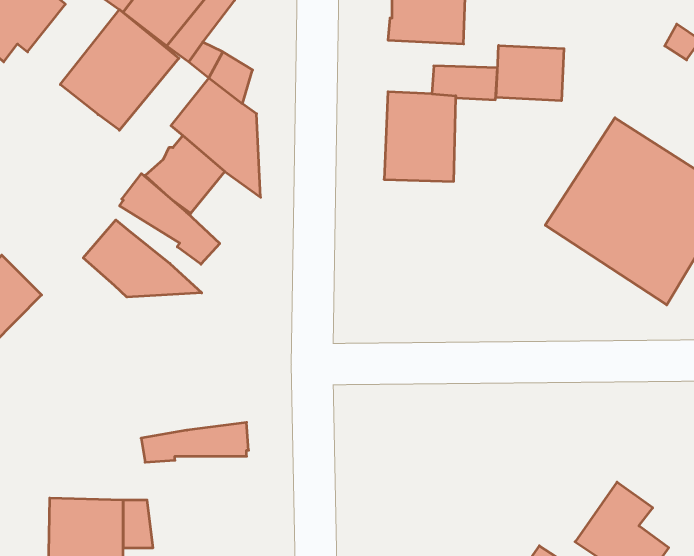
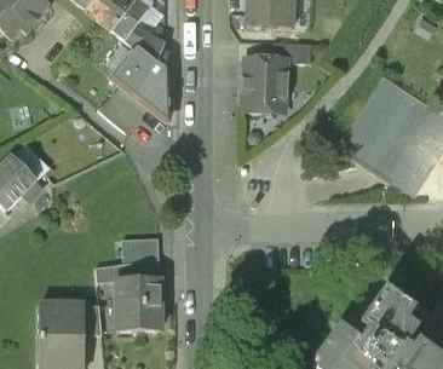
building: [60,10,179,130] -> none
building: [496,45,564,101] -> none
building: [120,174,220,264] -> none
building: [83,220,202,297] -> none
building: none -> [121,237,159,263]
building: none -> [115,278,160,329]

